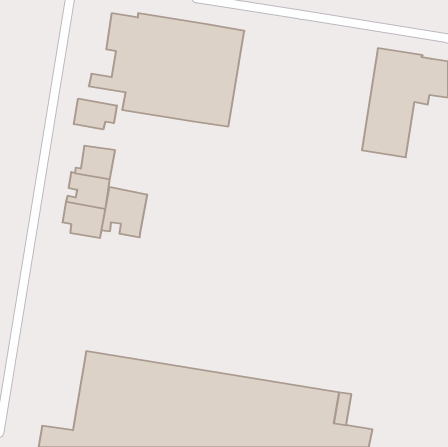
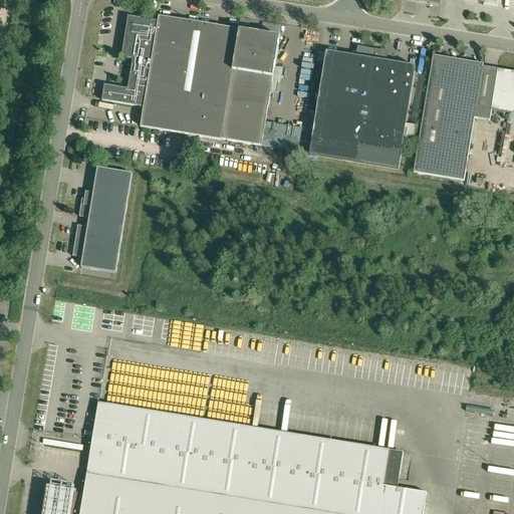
building: none -> [308,46,415,169]
building: [74,99,117,129] -> none
building: [102,187,147,237] -> none

